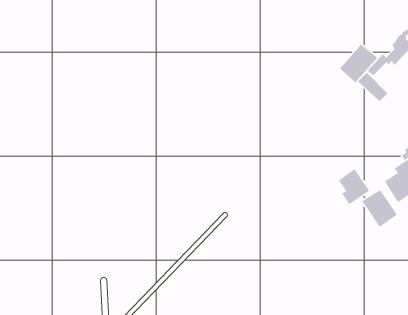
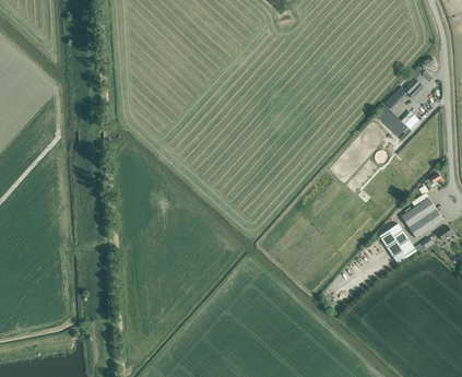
building: [339,44,378,83] -> none
building: [338,168,370,205] -> none

